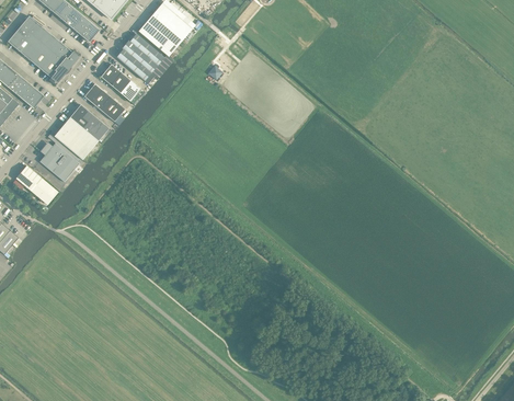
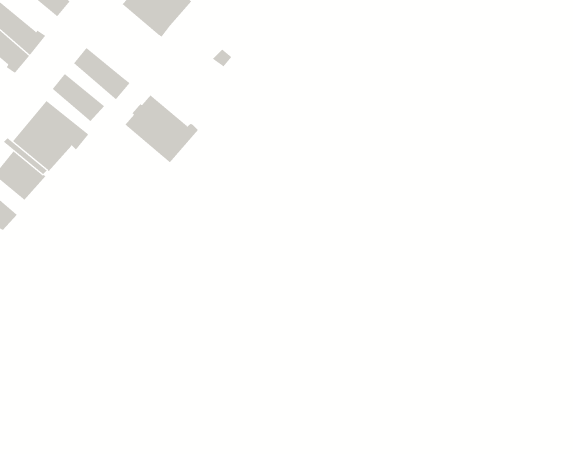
building: [115,33,172,85] -> [124,94,199,163]

